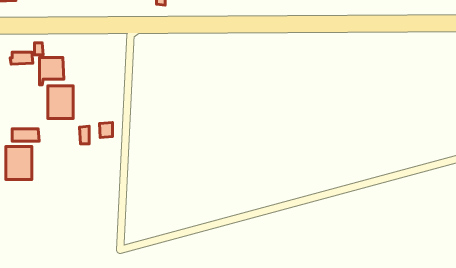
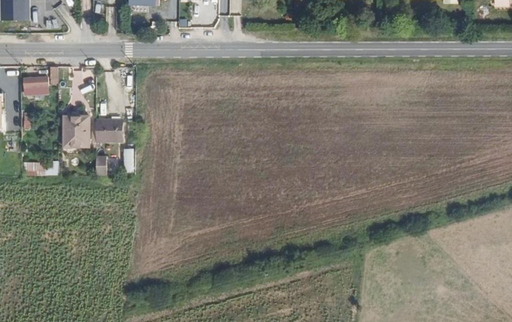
building: [39,58,64,85] -> [96,118,122,147]
building: [6,146,32,179] -> none

